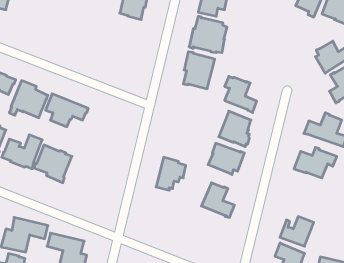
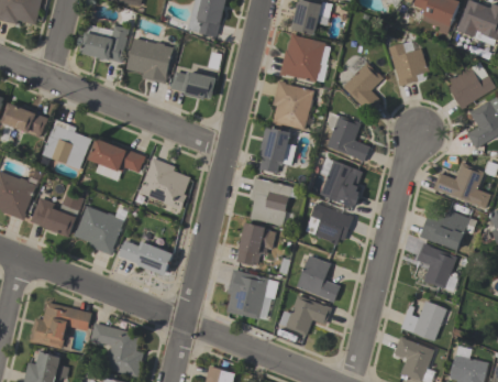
building: none -> [79,24,128,62]
building: none -> [126,37,173,84]
building: none -> [388,42,428,86]
building: none -> [342,62,383,112]
building: none -> [170,70,217,98]
building: none -> [258,125,295,173]
building: none -> [140,157,189,209]
building: none -> [248,177,298,226]
building: none -> [118,240,174,275]
building: none -> [416,242,457,292]
building: none -> [225,269,277,319]
building: none -> [278,295,331,336]

